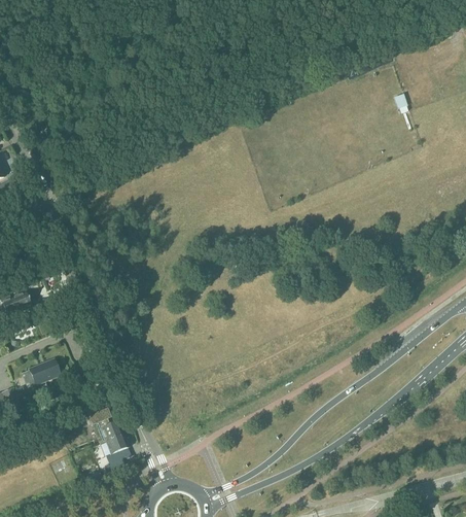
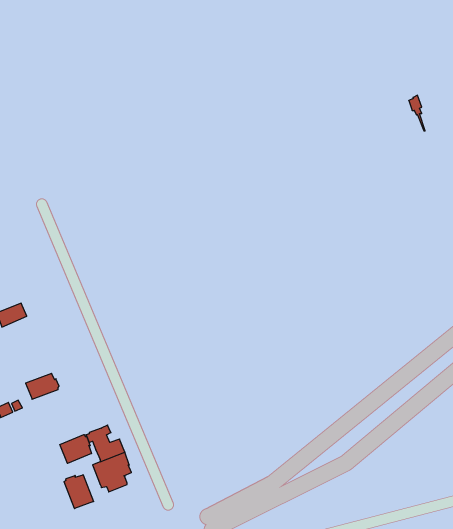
building: none -> [60,435,91,463]
building: none -> [64,475,94,509]

